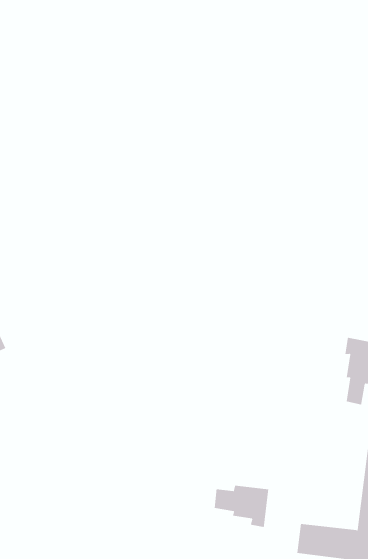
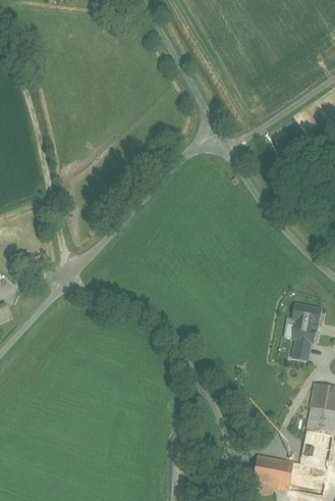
building: [214,485,269,528] -> none

